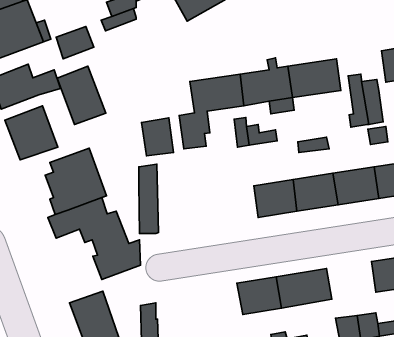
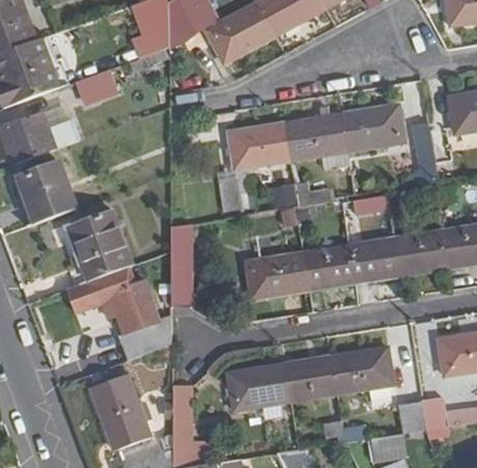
building: [57,66,106,124] -> none
building: [141,118,174,156] -> none
building: none -> [247,252,308,297]
building: none -> [227,364,290,410]

